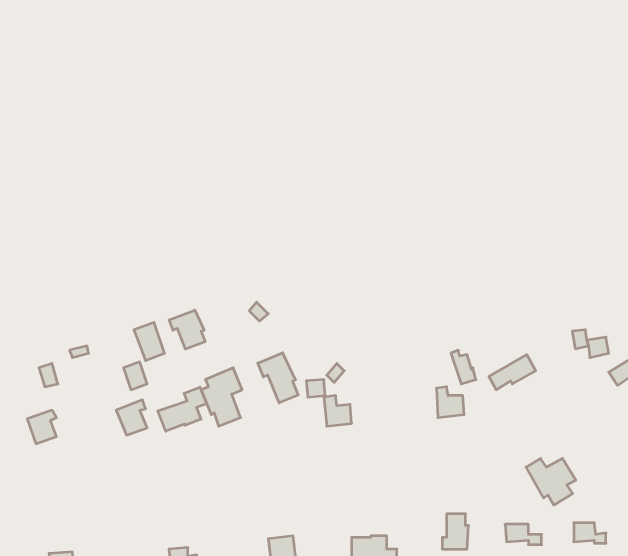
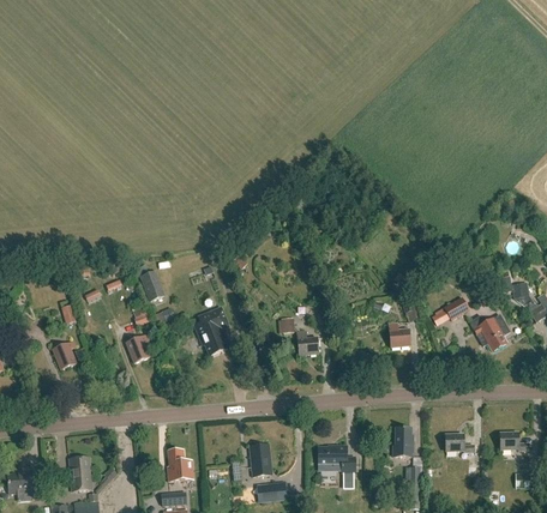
building: [169,310,205,349] -> none
building: [258,353,298,403] -> none
building: [158,387,206,431] -> none
building: [526,458,576,505] -> [468,314,509,352]

